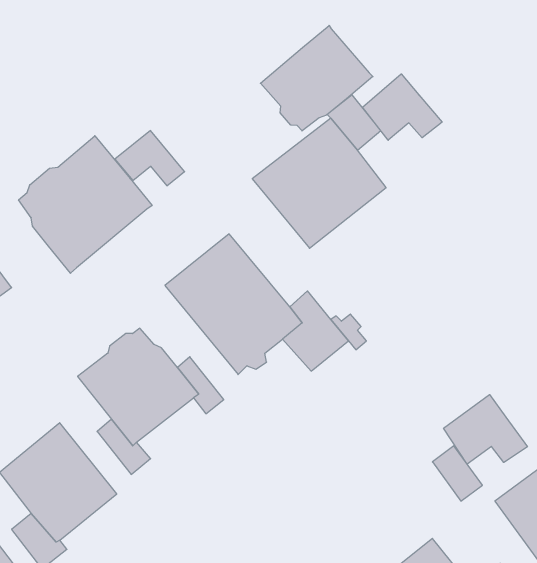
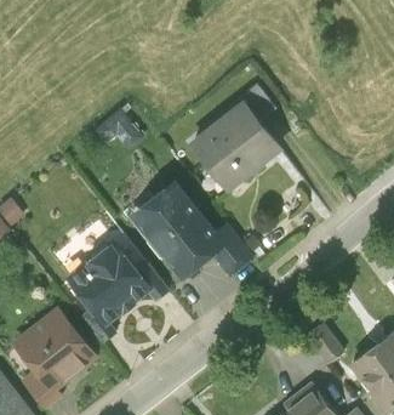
building: [260,25,373,131] -> none
building: [362,74,442,140] -> none
building: [19,136,152,273] -> none
building: [444,395,527,464] -> none

